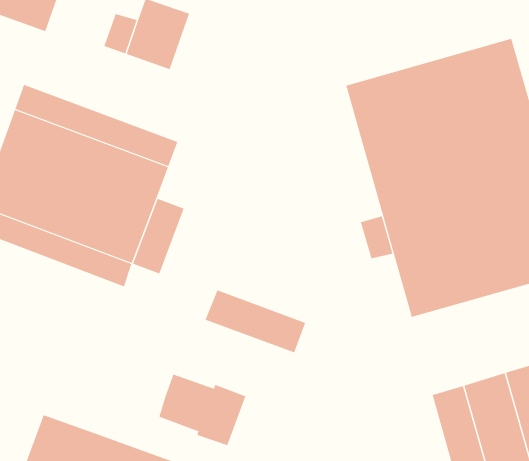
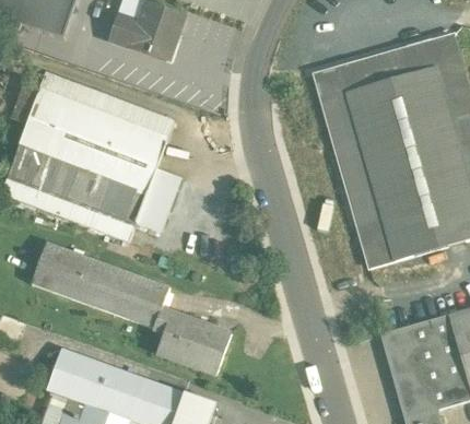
building: [360,215,393,259] -> none
building: none -> [32,243,171,333]
building: [205,289,306,353] -> none

